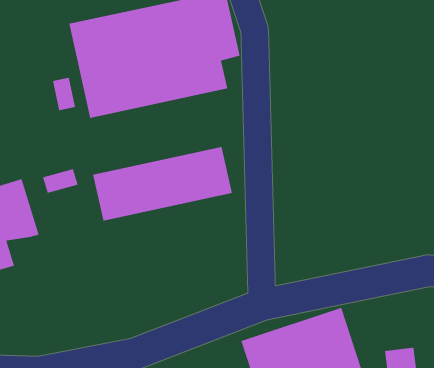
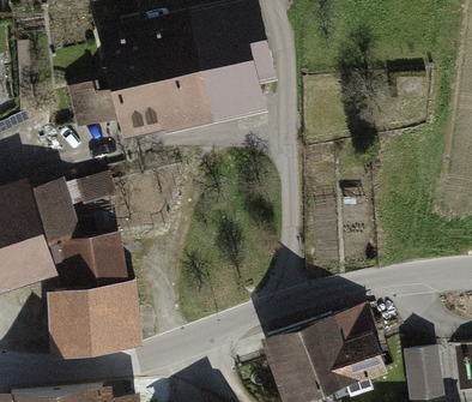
building: [93,146,232,221] -> none
building: none -> [56,235,129,358]

